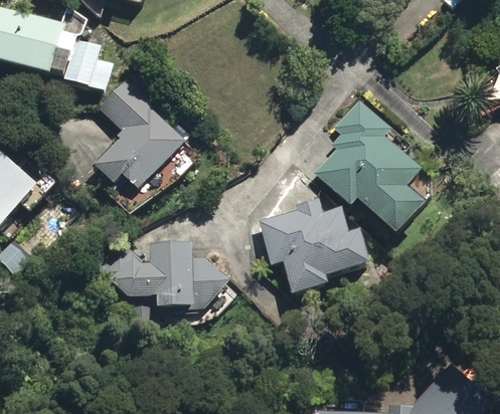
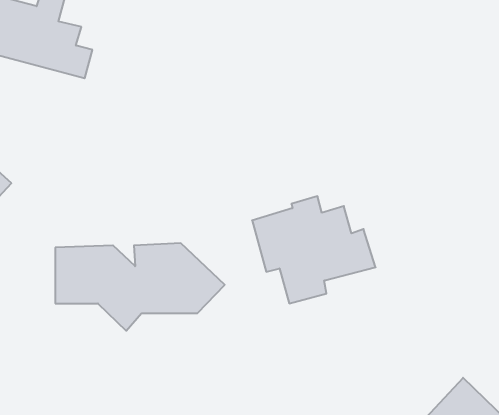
building: [94,74,184,189] -> none
building: [311,99,428,232] -> none

